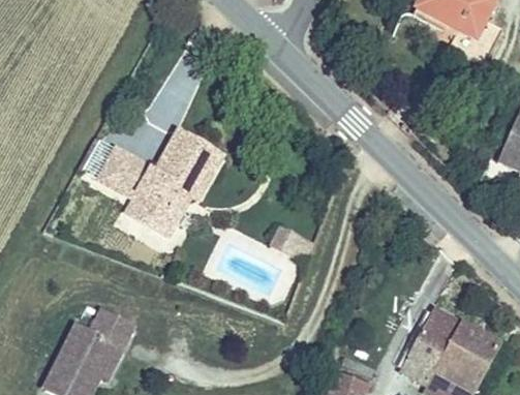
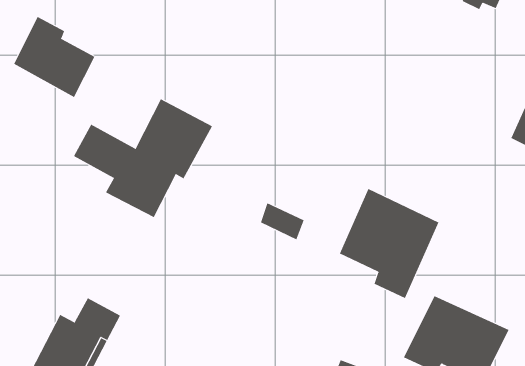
building: none -> [13,16,95,98]
building: none -> [339,188,439,299]

